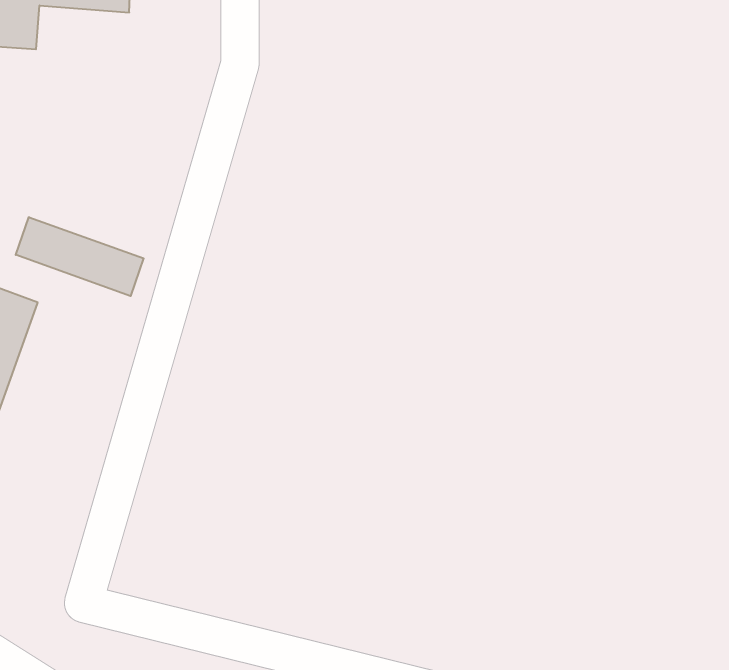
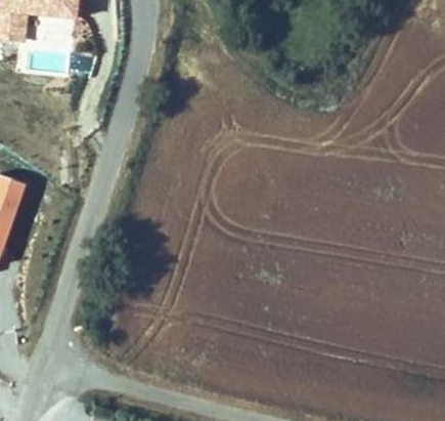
building: [16,217,144,296] -> none

